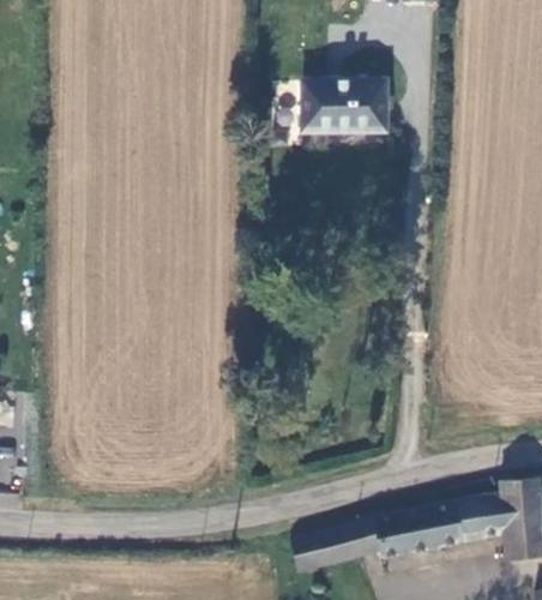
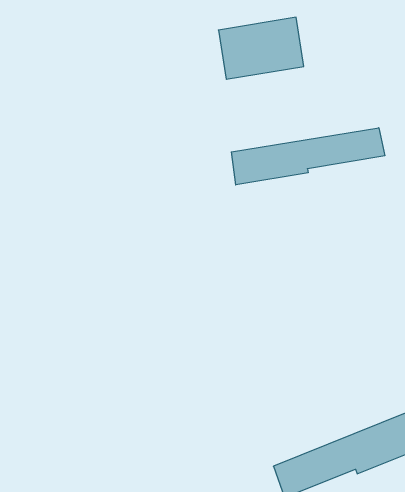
building: none -> [231,128,385,185]

